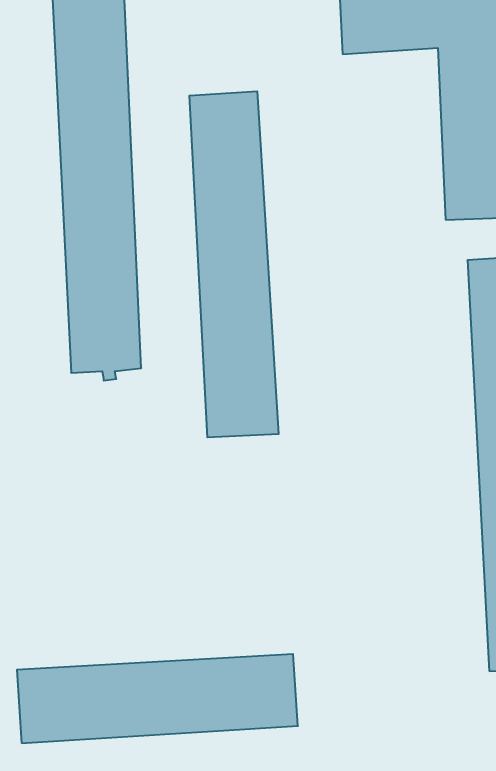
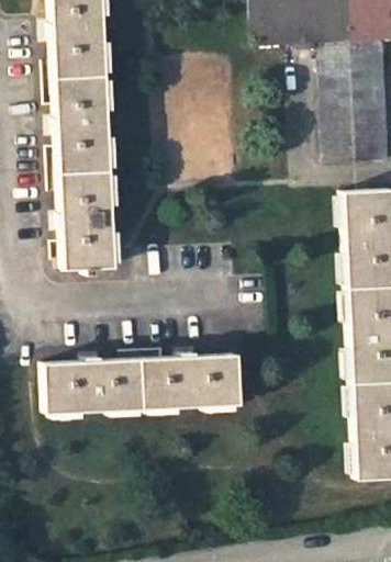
building: [189,91,279,437] -> none
building: [17,654,298,743] -> [44,352,242,415]

